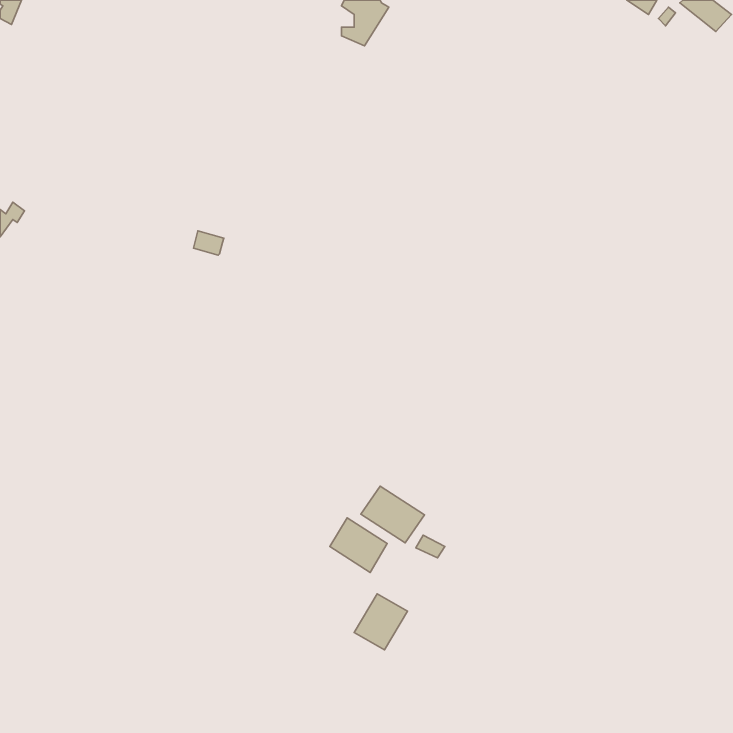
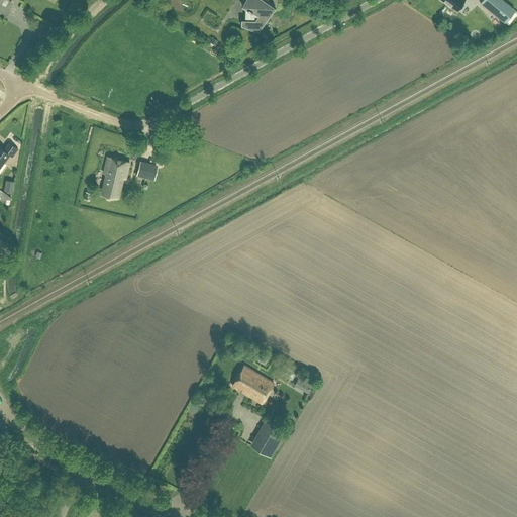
building: none -> [101,157,129,197]
building: [361,486,425,543] -> none

